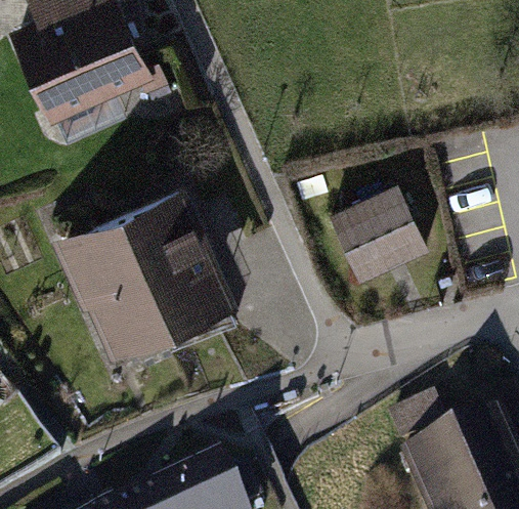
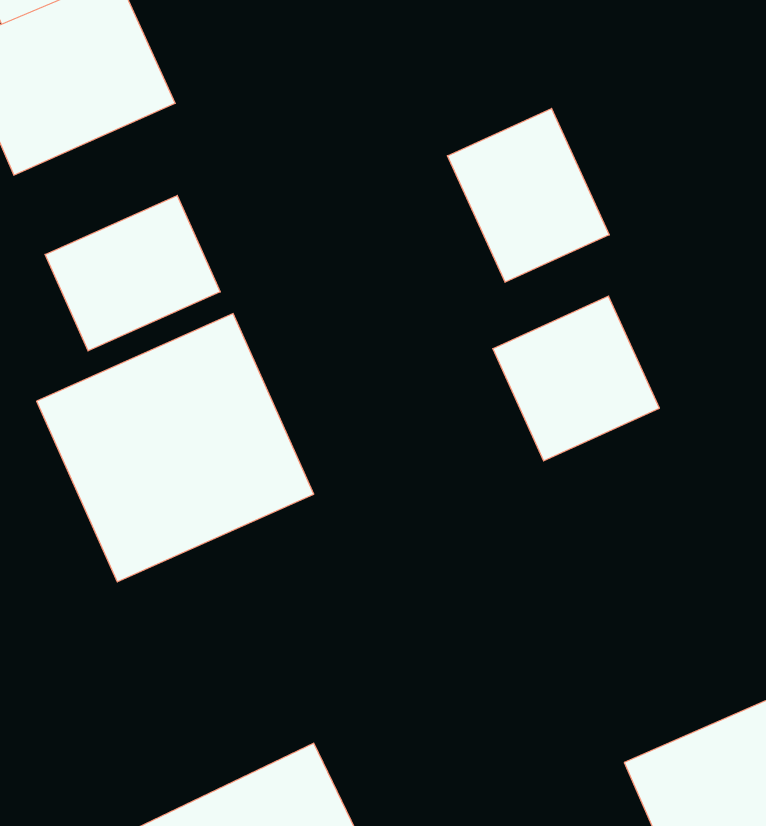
building: none -> [447,108,609,282]
building: none -> [45,195,220,351]

